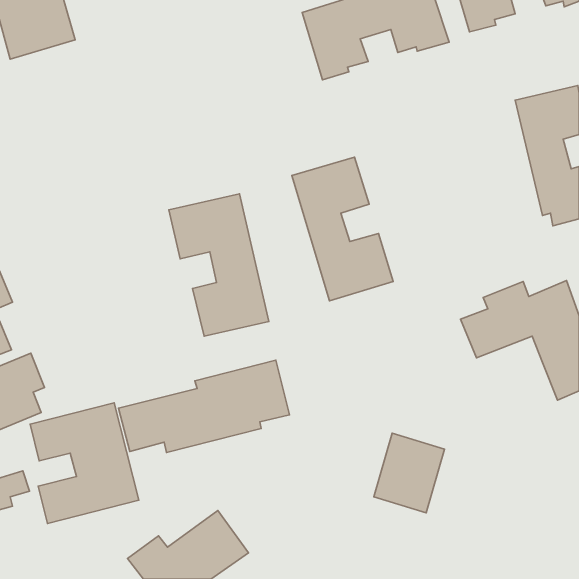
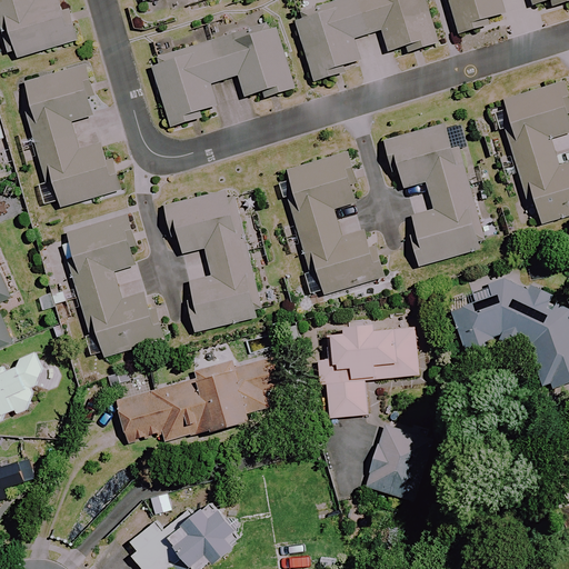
building: none -> [151,21,296,128]
building: none -> [26,63,121,204]
building: none -> [385,121,486,263]
building: none -> [67,214,166,355]
building: none -> [318,322,418,417]
building: [30,403,139,523] -> none

